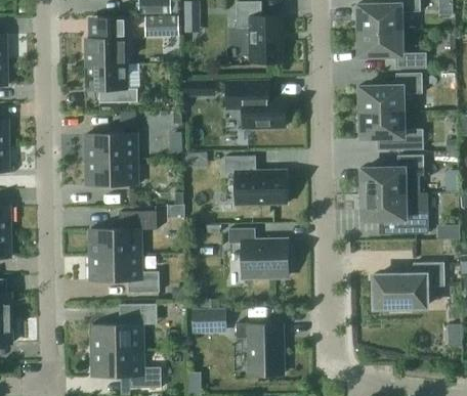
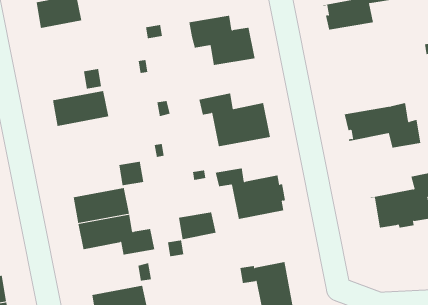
building: [85,63,136,101] -> none
building: [356,112,422,149] -> none
building: [357,155,423,193] -> none
building: [85,159,136,185] -> none
building: [192,309,225,331] -> [178,212,216,240]

